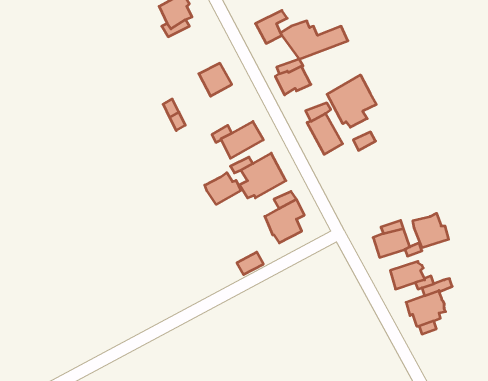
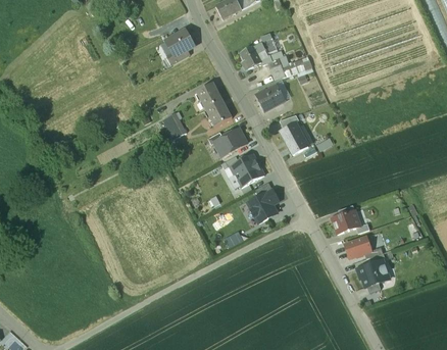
building: [327,75,376,127] -> none
building: none -> [206,100,232,127]
building: [205,173,241,204] -> none
building: [413,213,449,248] -> none

